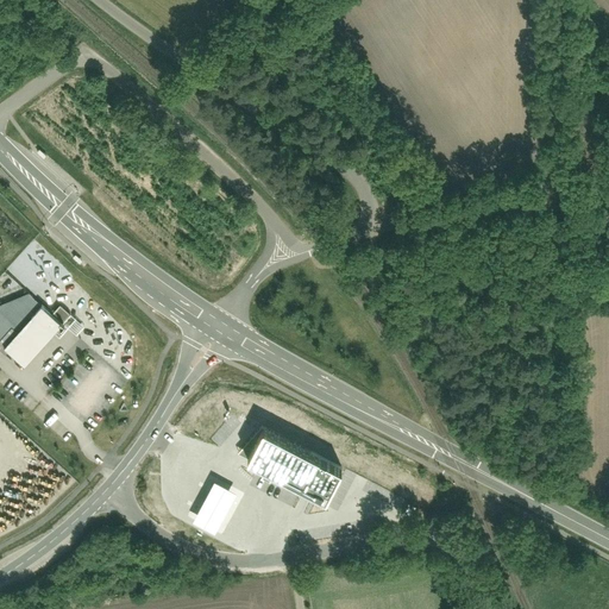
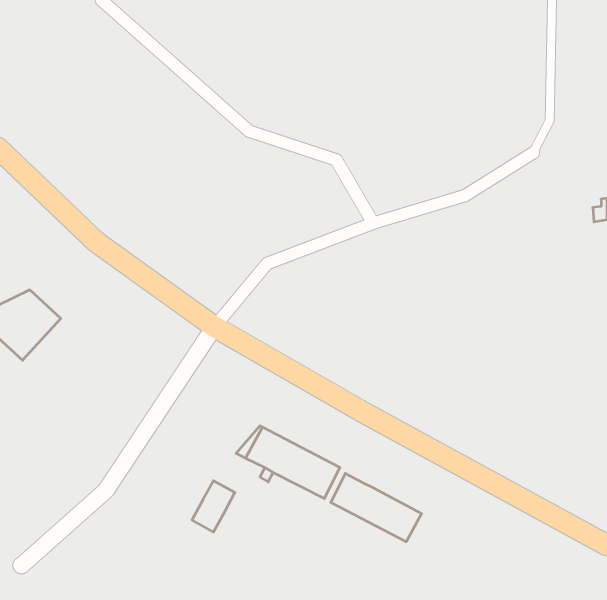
building: none -> [331,473,422,542]

